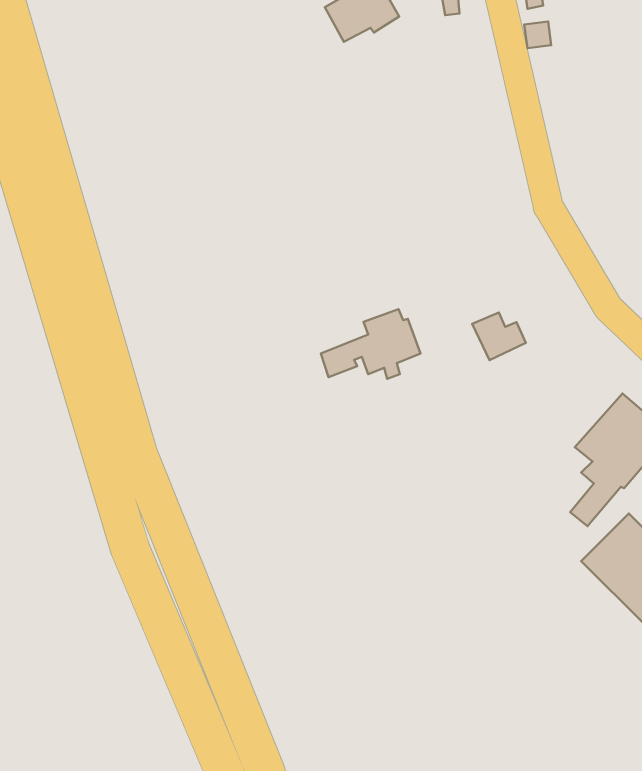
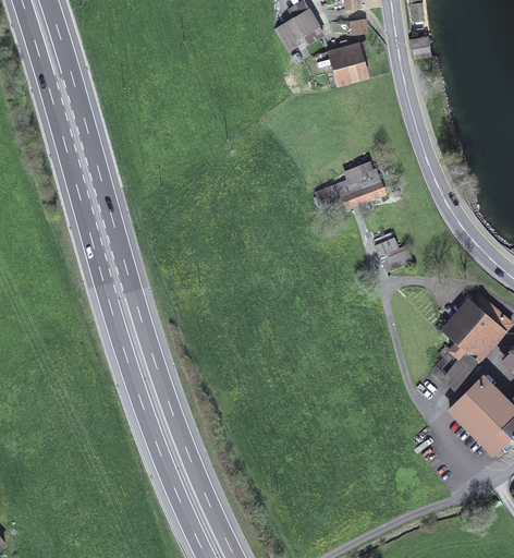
building: none -> [314,41,367,81]
building: [321,309,421,379] -> [315,161,383,209]

